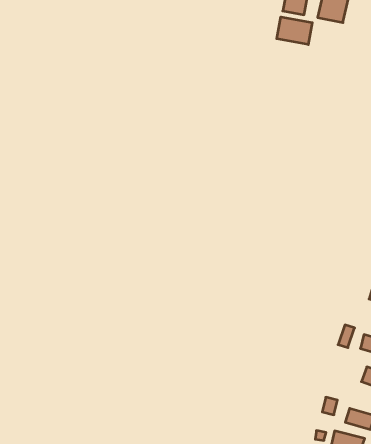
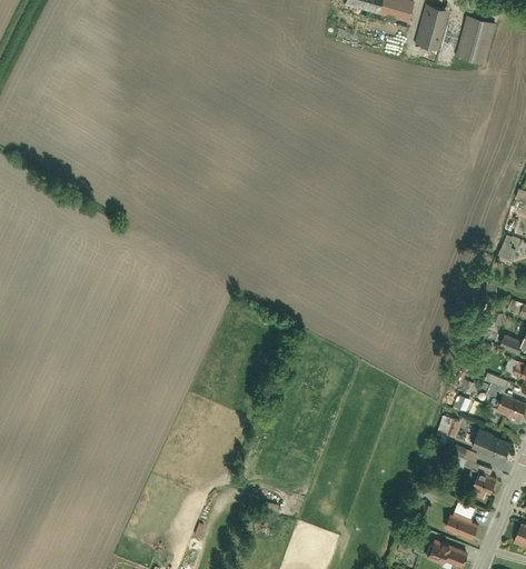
building: [277,17,312,45] -> none

